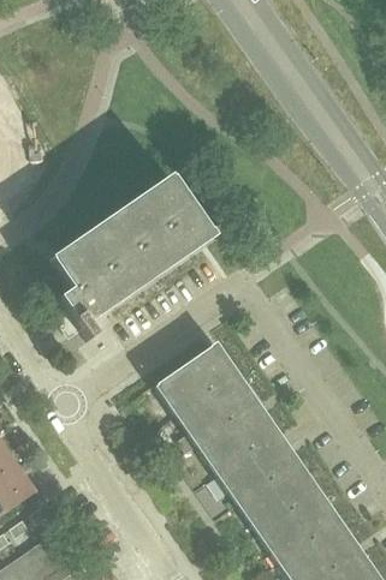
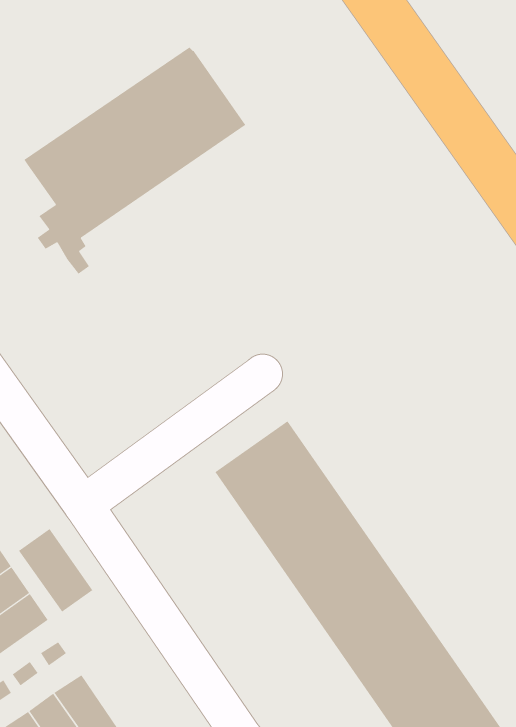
building: [48,178,209,342] -> [23,47,246,274]
building: none -> [18,528,93,613]

